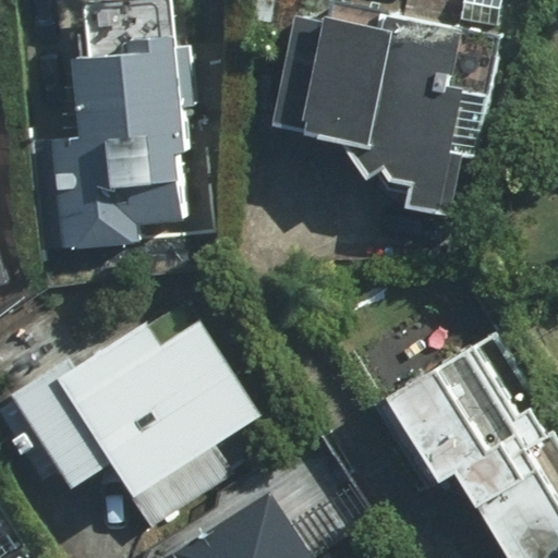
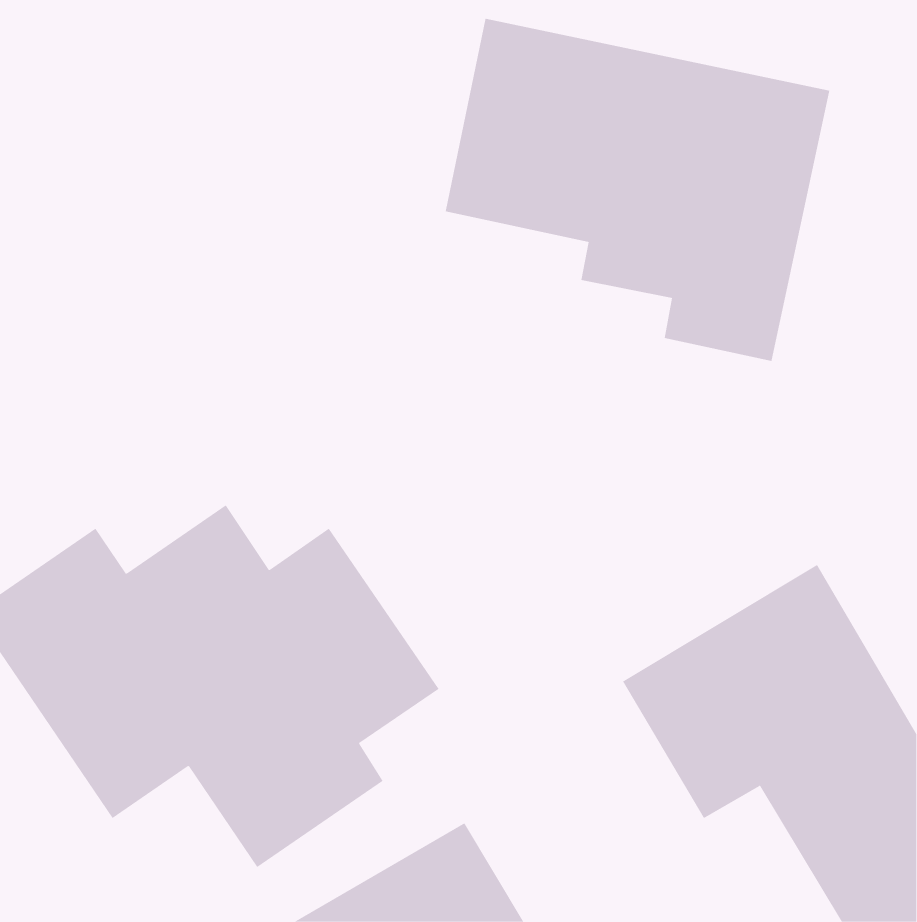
building: [40,37,183,255] -> none

